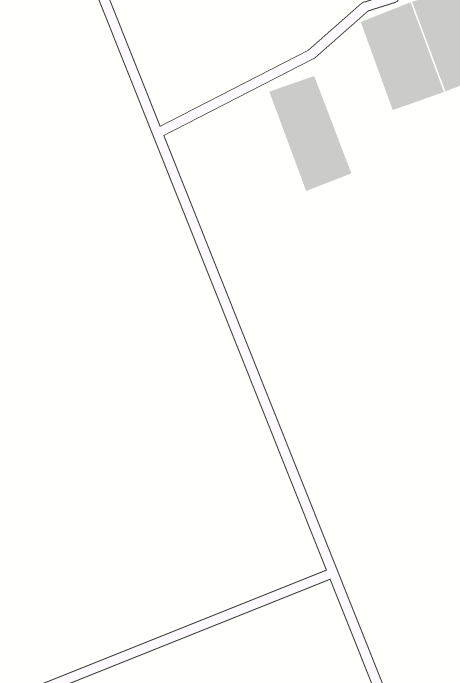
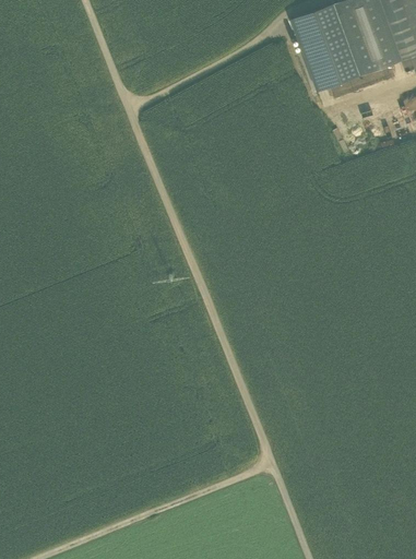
building: [268,75,352,192] -> none

